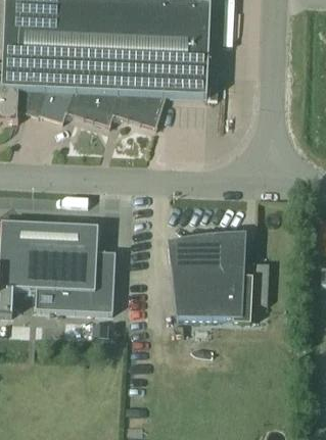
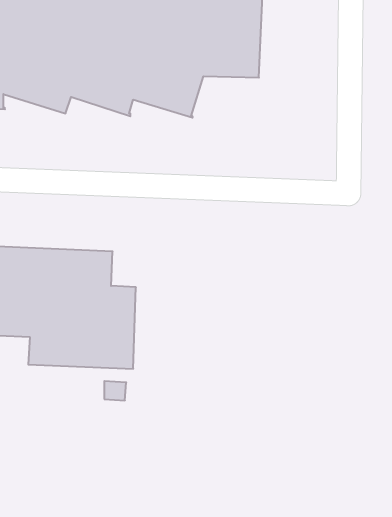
building: [167,232,269,322] -> none

